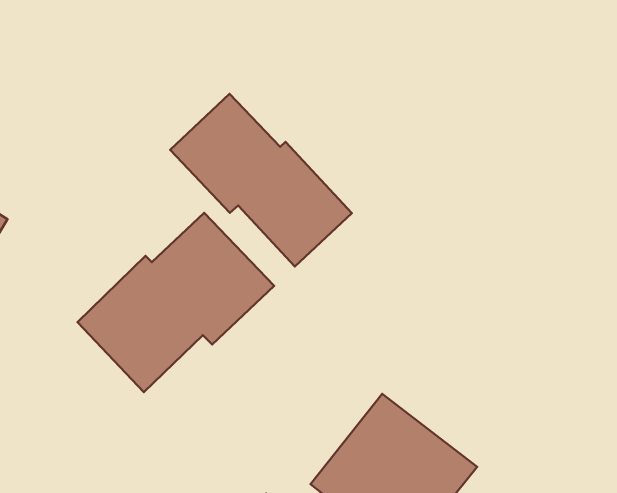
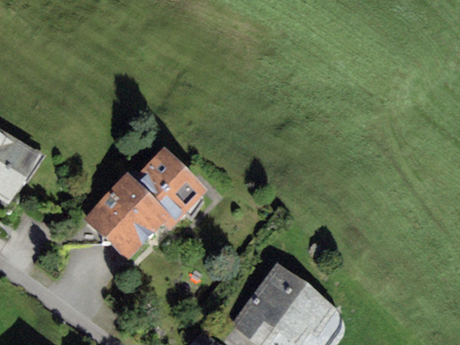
building: [170,94,352,267] -> none

